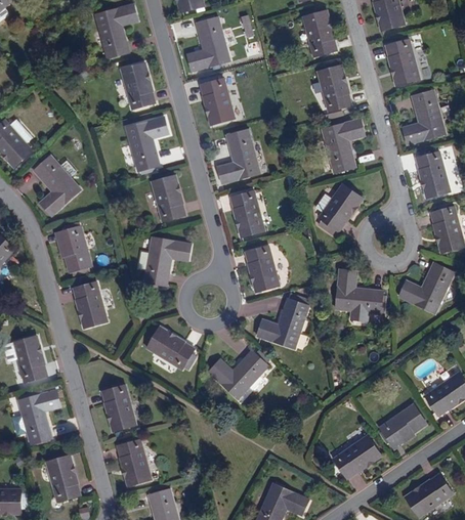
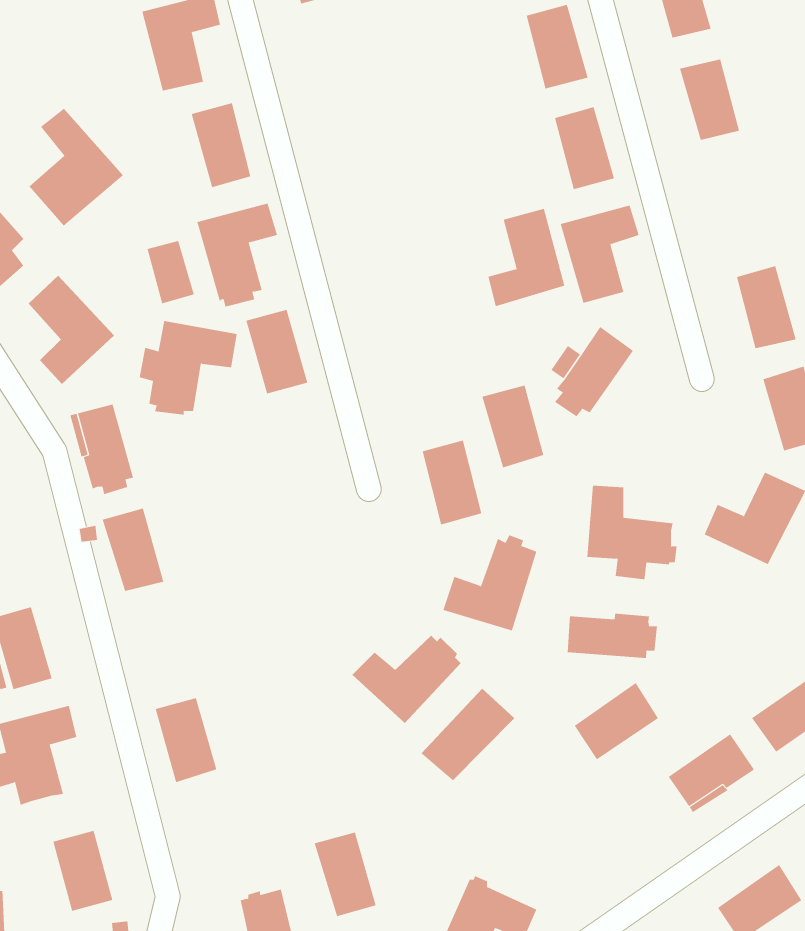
building: [186,16,228,71] -> none
building: none -> [28,108,124,227]
building: [201,80,235,124] -> none
building: [403,90,445,143] -> none
building: [217,130,259,183] -> [488,208,565,307]
building: none -> [147,240,195,304]
building: [230,191,264,236] -> [482,385,544,468]
building: [137,235,191,287] -> [139,321,237,415]
building: [146,328,194,369] -> none
building: none -> [567,613,658,659]
building: none -> [420,688,515,781]
building: [334,436,380,478] -> [574,682,659,760]
building: [117,439,151,485] -> [314,832,376,917]

